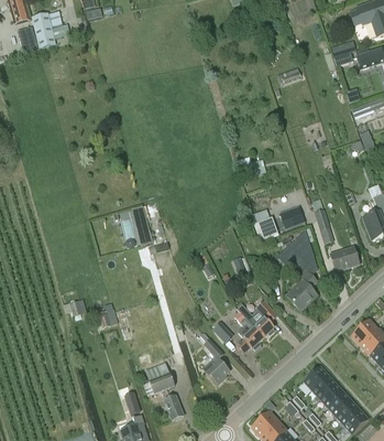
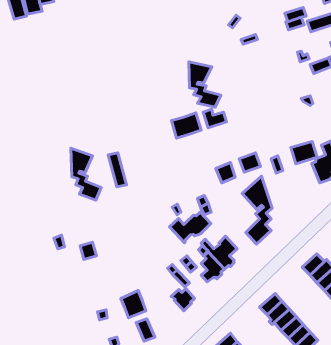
building: none -> [189,62,221,107]
building: none -> [172,113,201,138]
building: none -> [71,148,101,200]
building: [329,246,359,271] -> [291,142,317,164]
building: none -> [169,212,211,243]

